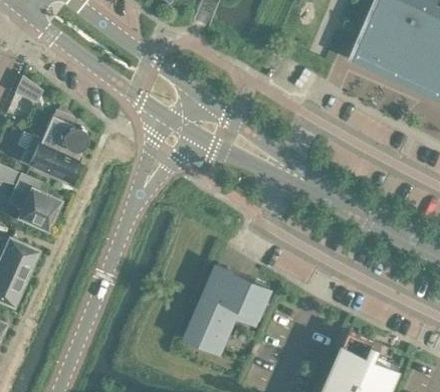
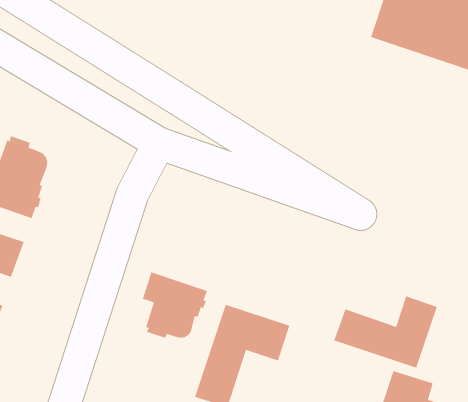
building: none -> [142,272,208,339]
building: none -> [333,295,438,369]

